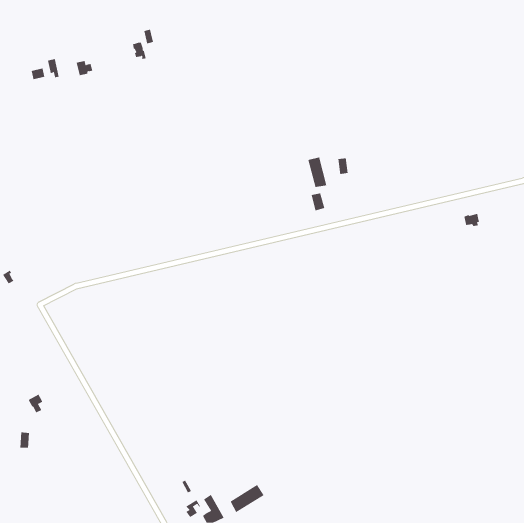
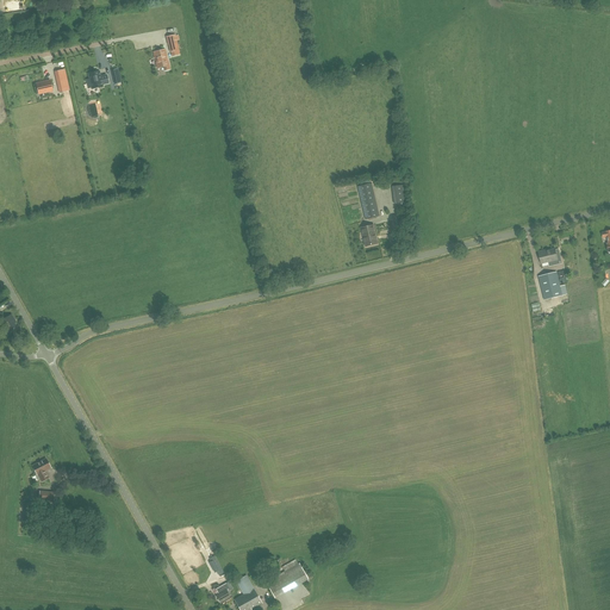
building: none -> [539,270,567,299]

